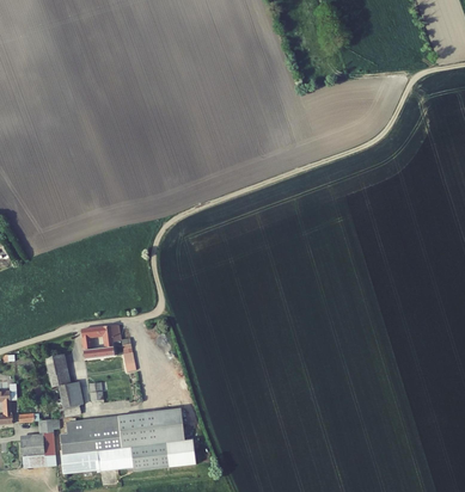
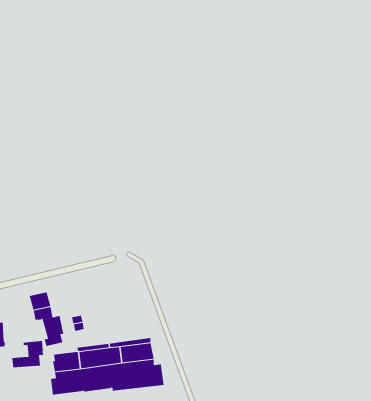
building: [78,322,118,357] -> none
building: [20,439,55,462] -> none

